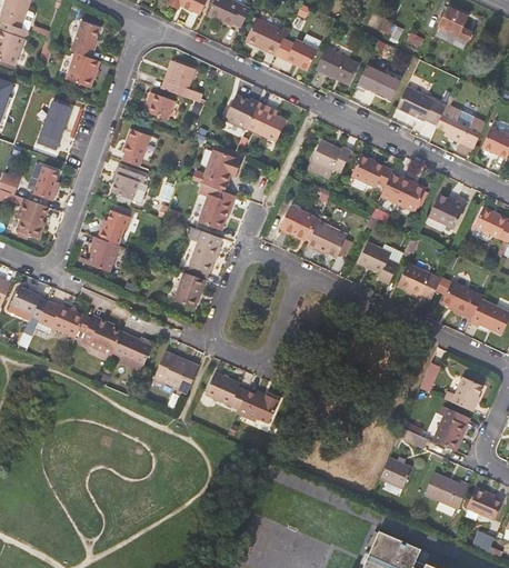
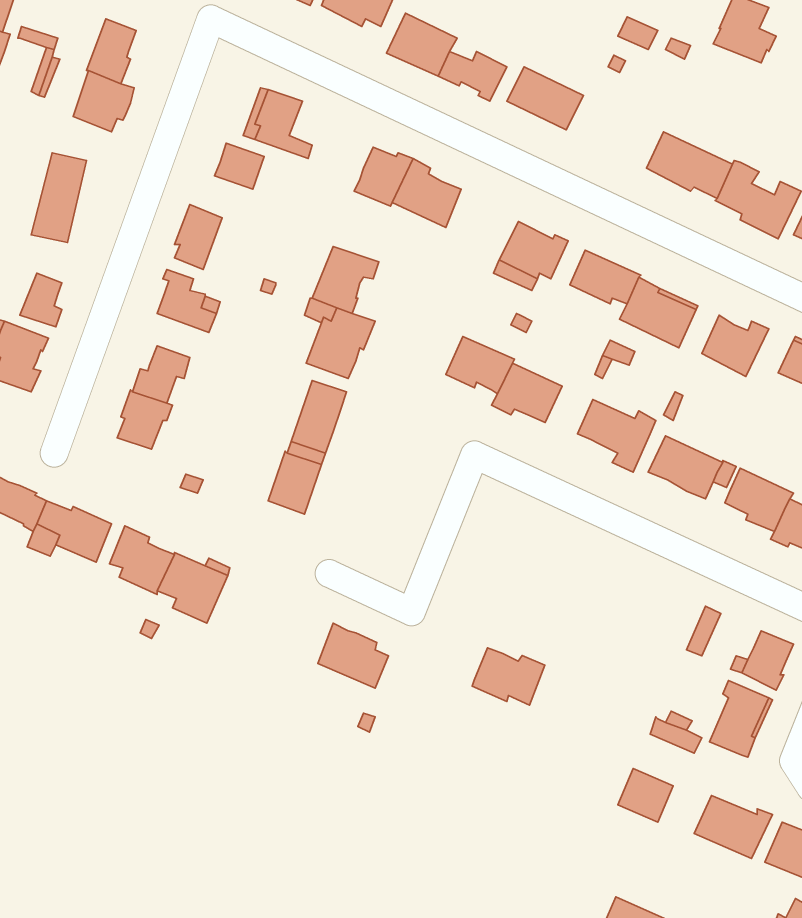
building: [356,63,401,101] -> none
building: [154,351,200,396] -> none
building: [238,391,280,425] -> [472,648,545,705]

